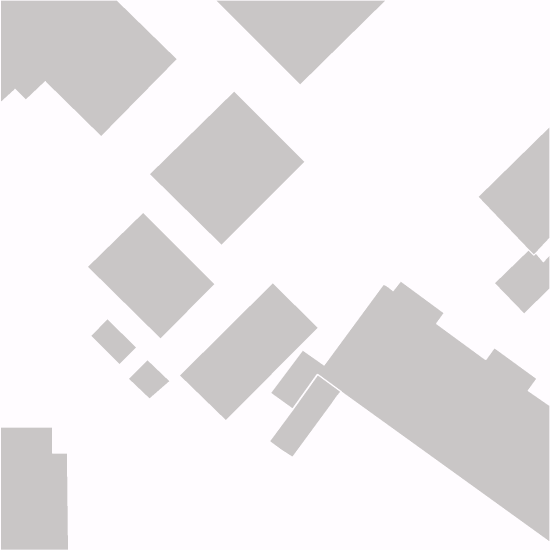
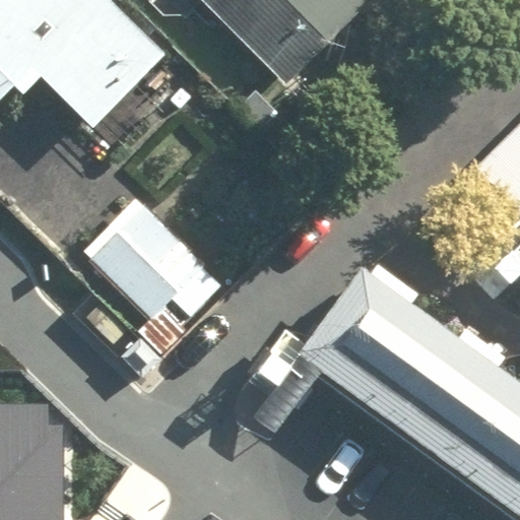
building: [149,91,305,246] -> none
building: [179,283,318,421] -> none

